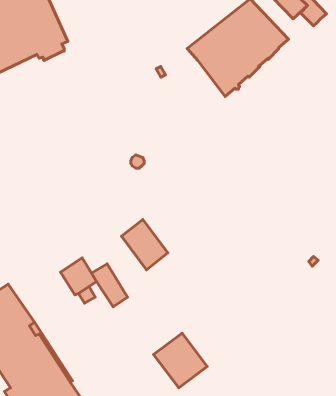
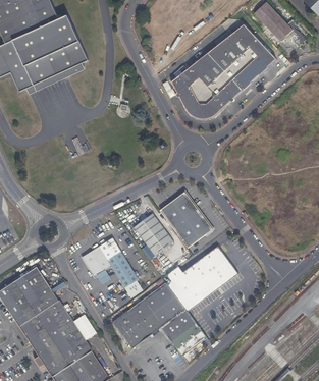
building: none -> [170,66,222,120]
building: none -> [160,191,213,247]
building: none -> [172,243,236,301]
building: none -> [112,281,185,347]

